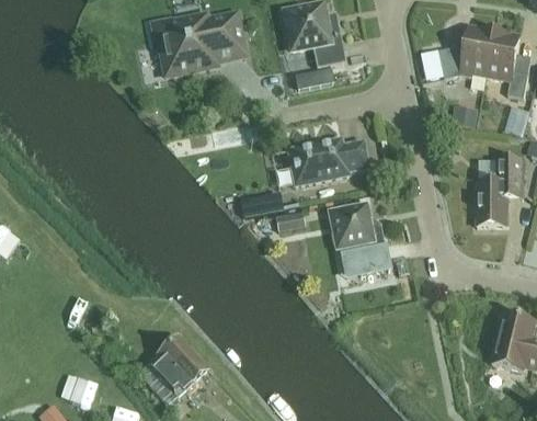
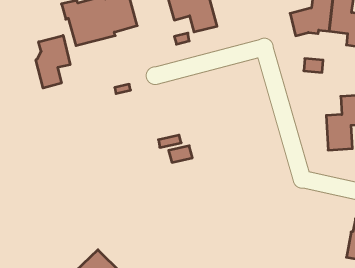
building: none -> [36,35,70,88]
building: [287,138,368,186] -> none
building: [330,205,387,264] -> none

